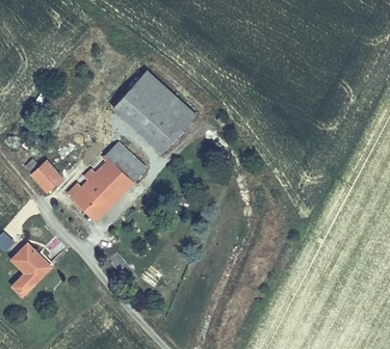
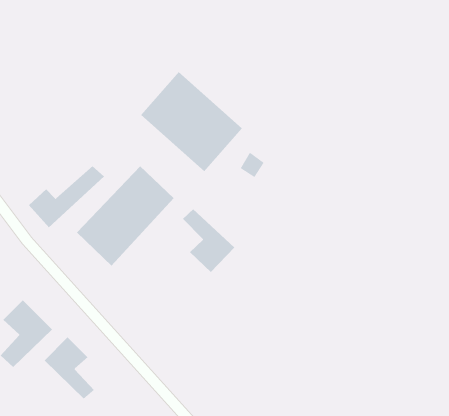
building: none -> [182,209,235,273]
building: none -> [44,337,95,400]

